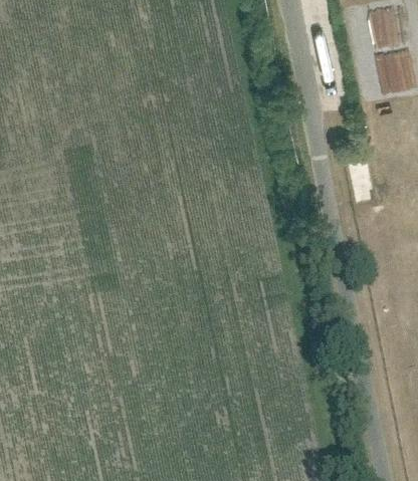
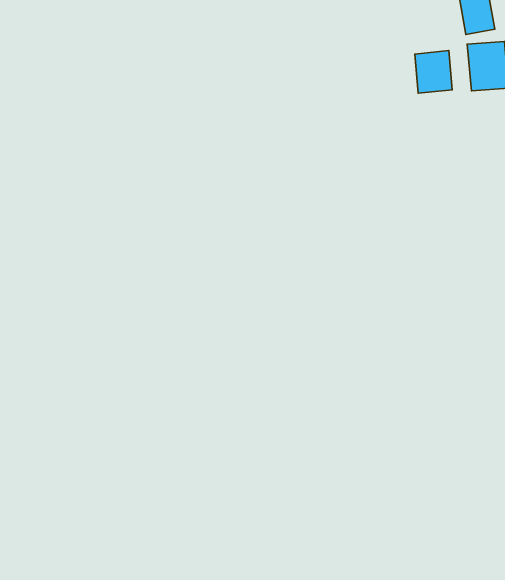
building: none -> [415,51,452,93]

